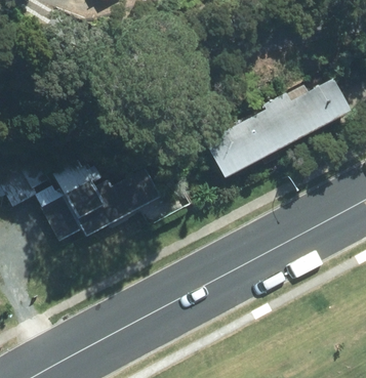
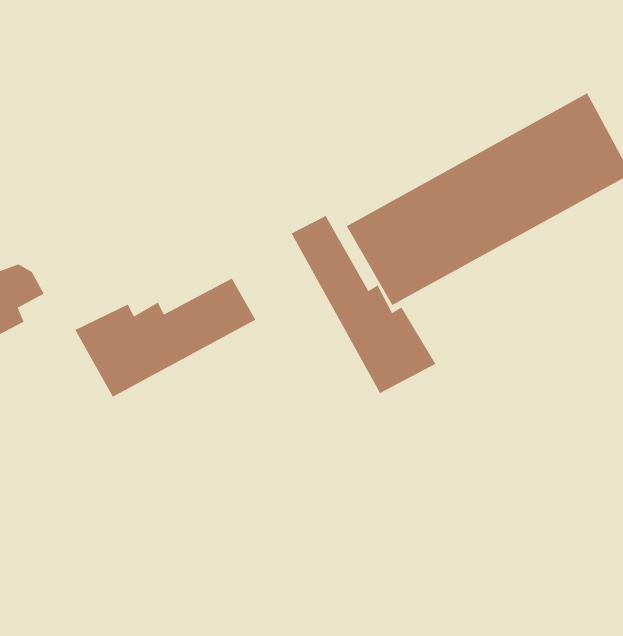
building: none -> [291,215,436,394]

